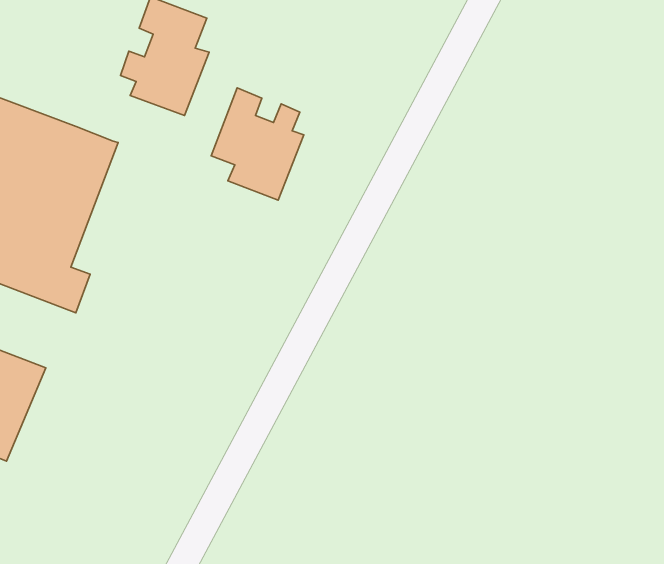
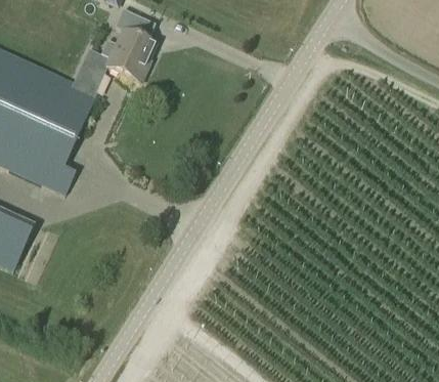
building: none -> [72,47,109,92]
building: [211,88,304,200] -> none

